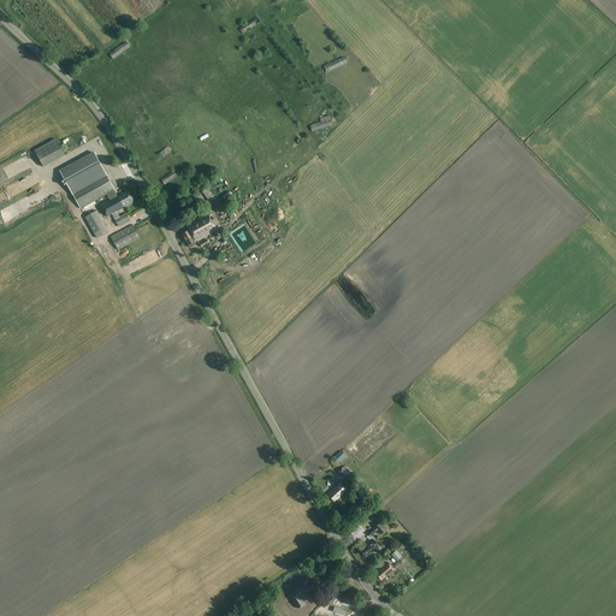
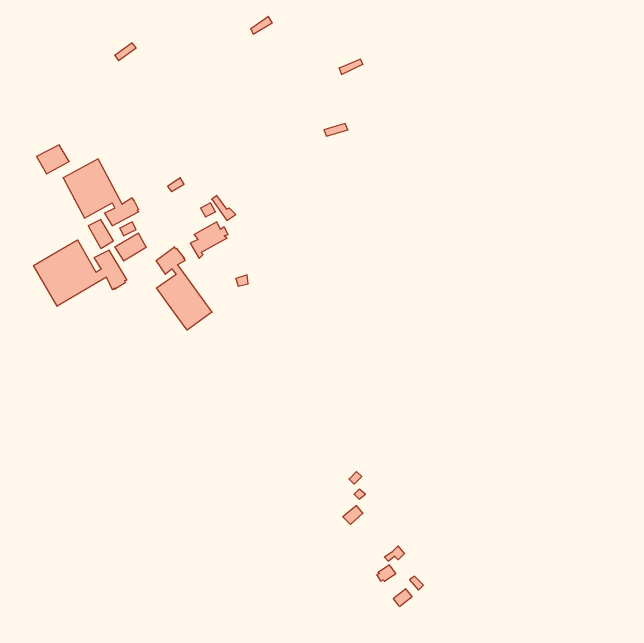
building: none -> [34,240,127,306]
building: none -> [156,247,212,330]

